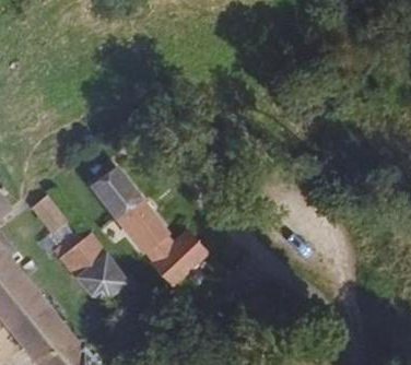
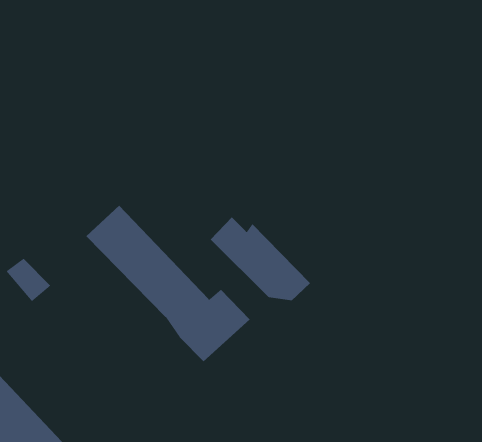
building: [64,236,134,298] -> [210,217,311,301]

